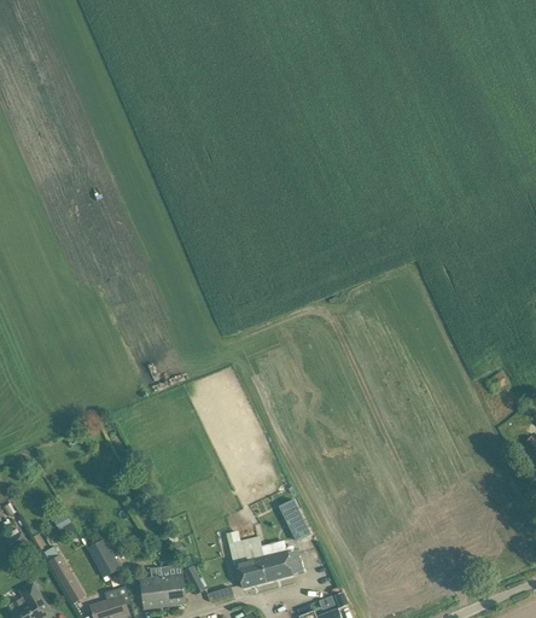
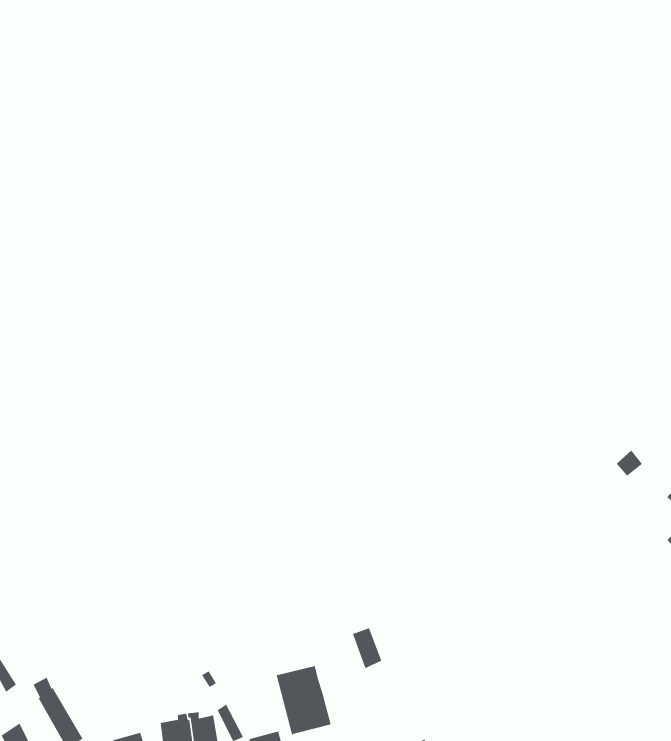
building: [86,538,120,577] -> none
building: [264,548,302,581] -> none

